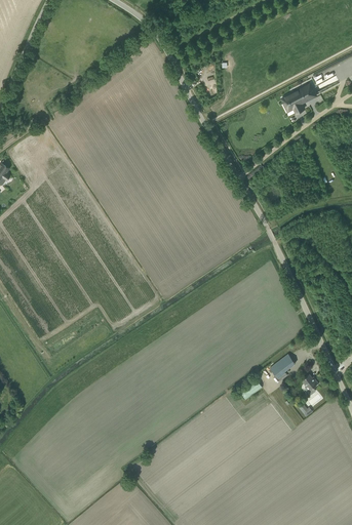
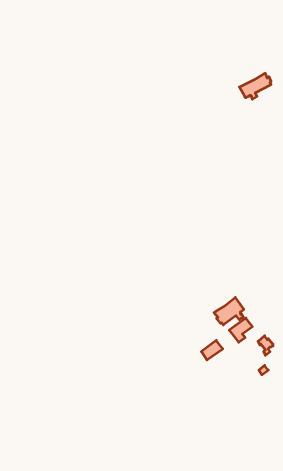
building: none -> [214,297,244,325]

